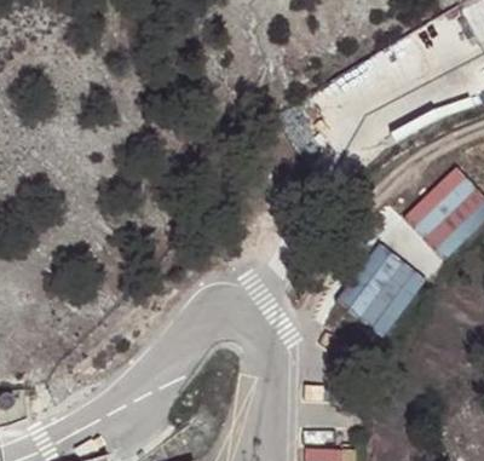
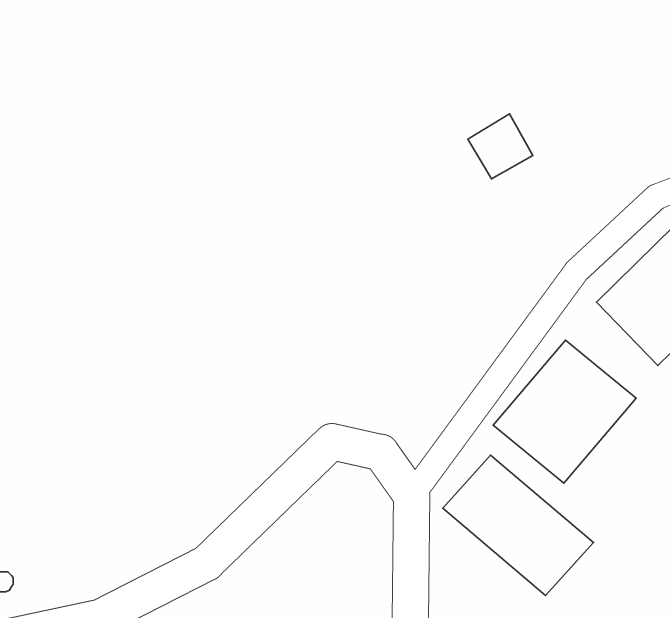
building: none -> [443,455,593,596]

